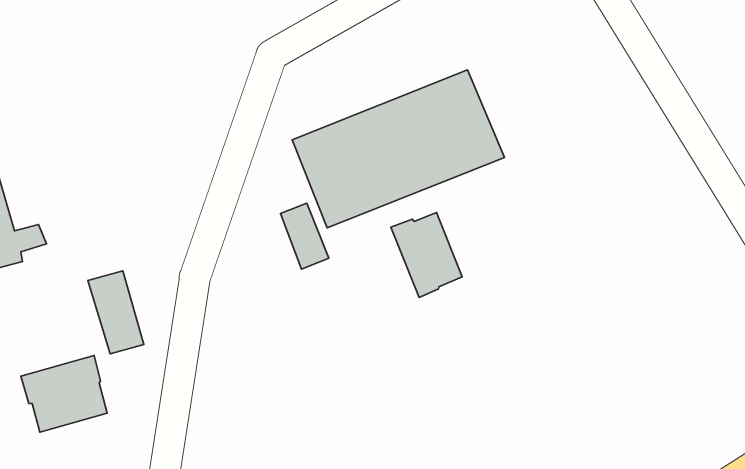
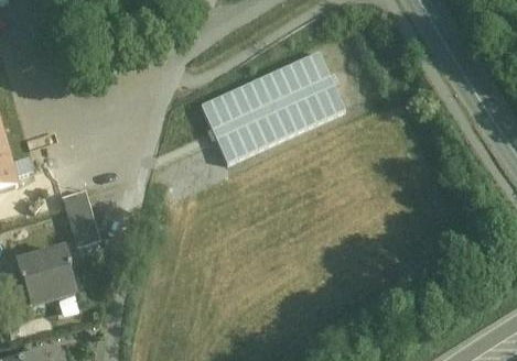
building: [281,203,329,269] -> none
building: [391,213,462,298] -> none

